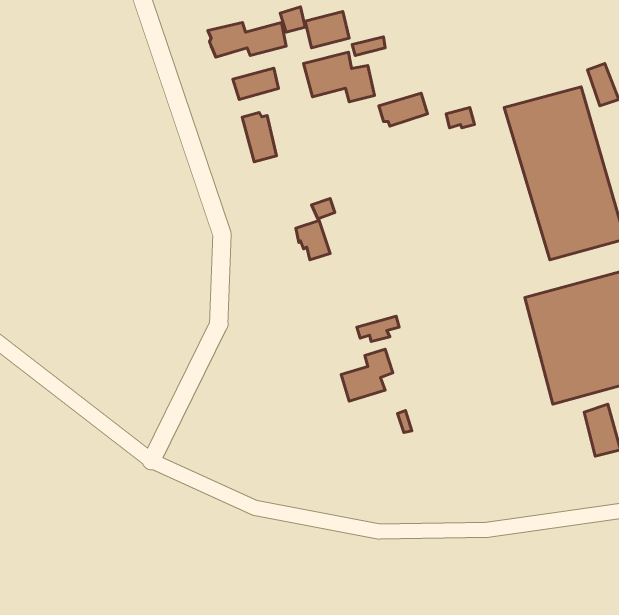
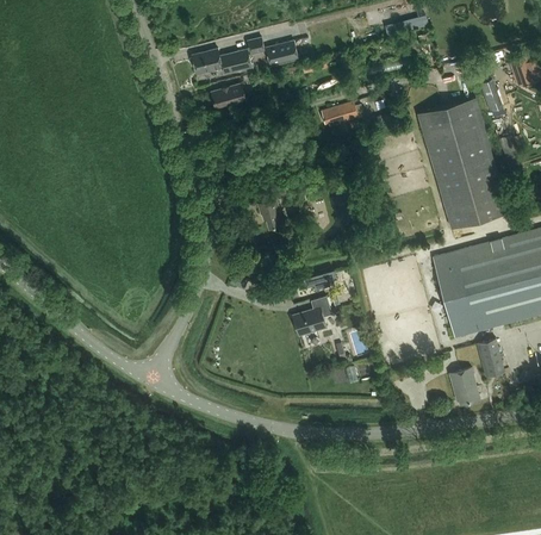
building: [304,52,374,102] -> none
building: [242,113,277,162] -> none
building: none -> [448,368,479,405]

